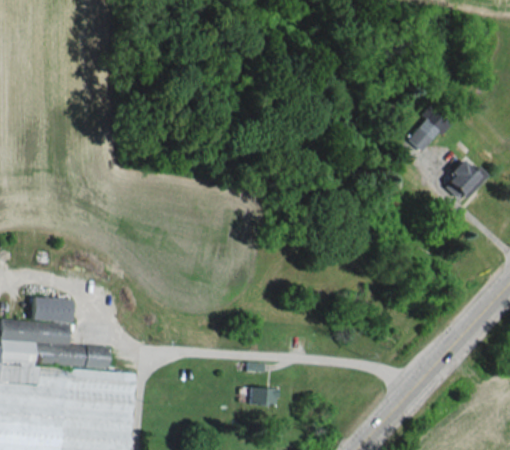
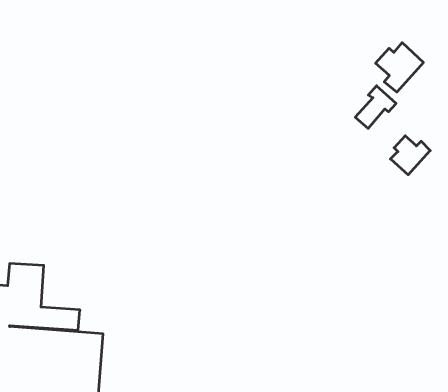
building: none -> [376,43,423,92]
building: [248,387,275,404] -> none

